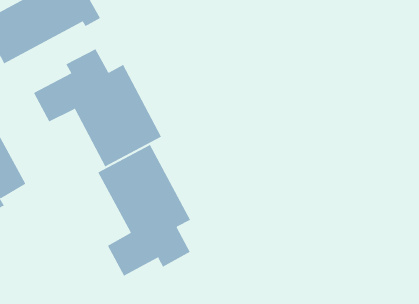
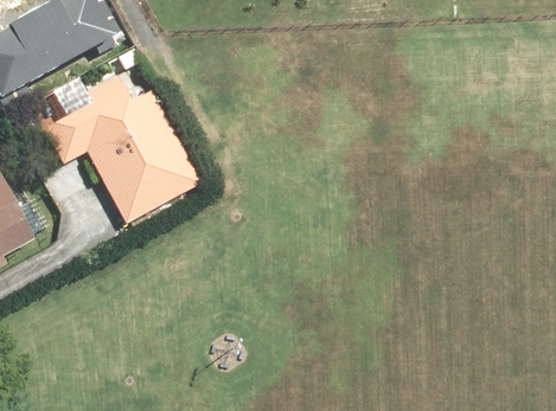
building: [97,144,191,277] -> none

